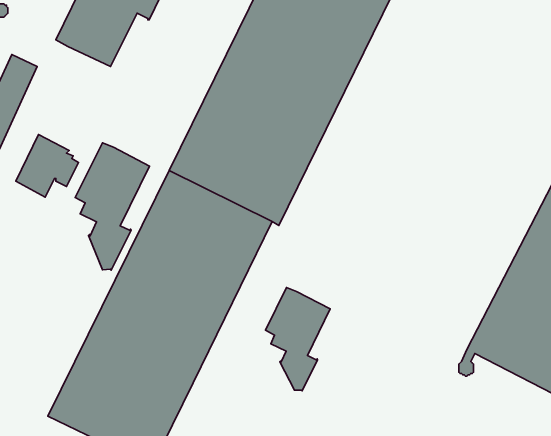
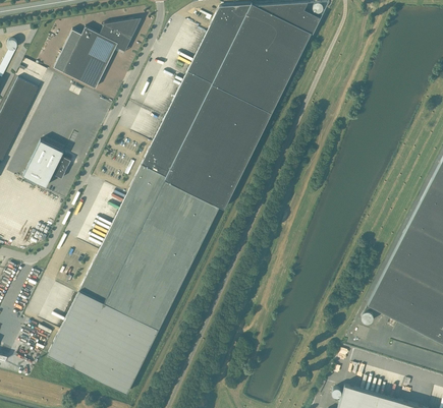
building: [75,143,149,270] -> none
building: [265,287,330,391] -> none

